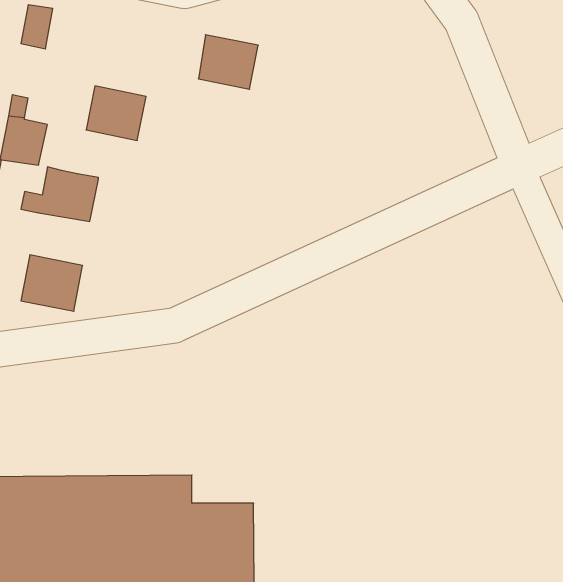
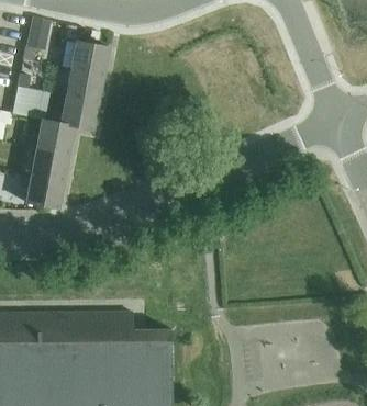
building: [198,35,258,89] -> [71,42,109,76]
building: none -> [51,97,98,131]
building: none -> [31,148,68,181]

